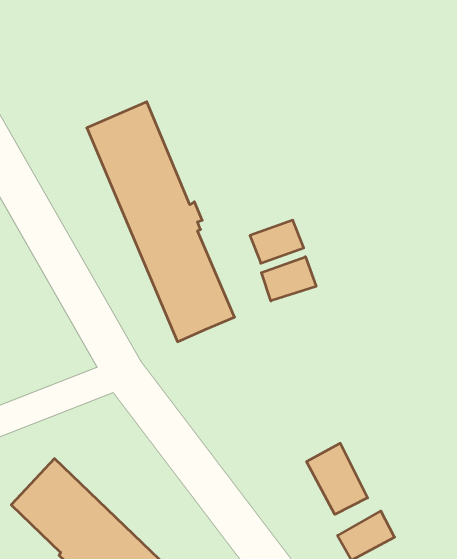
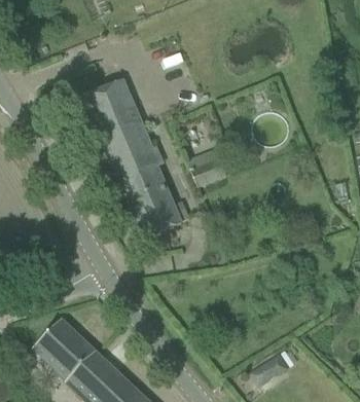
building: [261,257,316,301] -> none
building: [307,443,368,514] -> none

